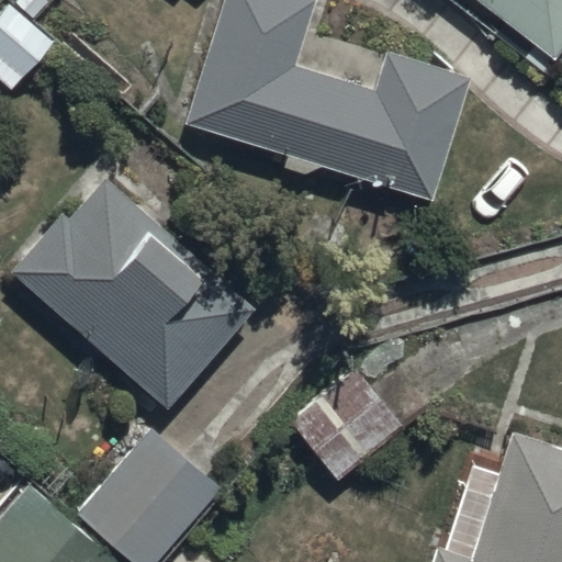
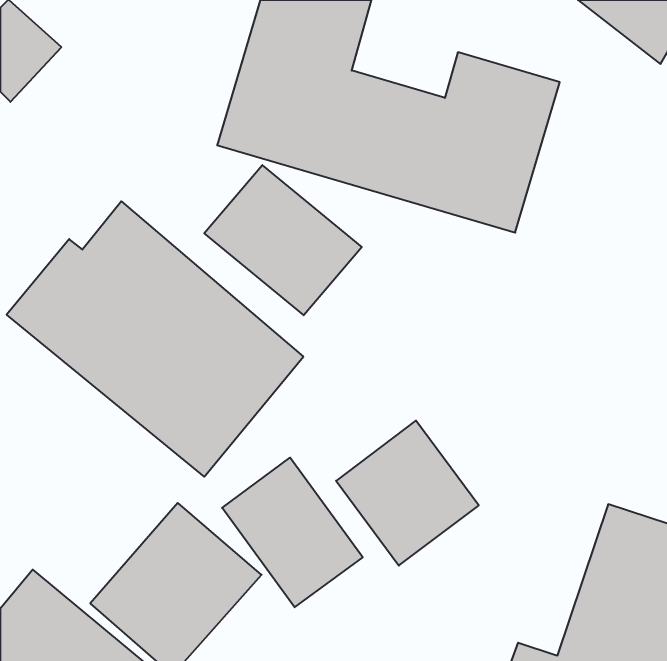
building: none -> [204,165,362,315]
building: none -> [222,458,363,607]

